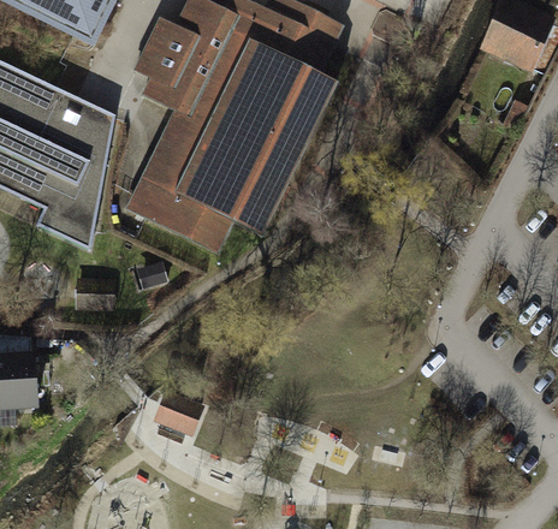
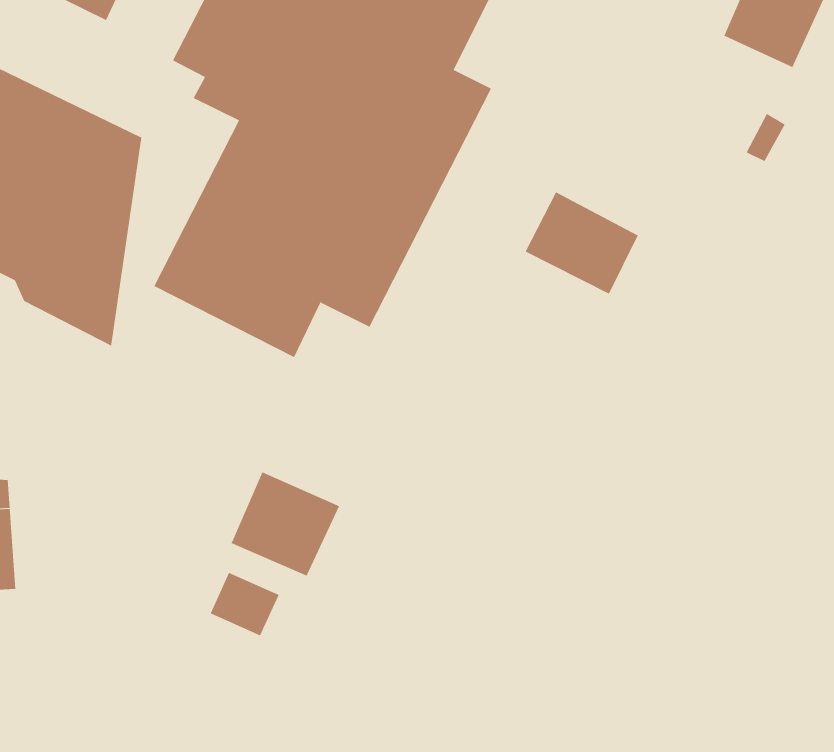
building: none -> [525,191,639,294]
building: none -> [231,471,340,577]

